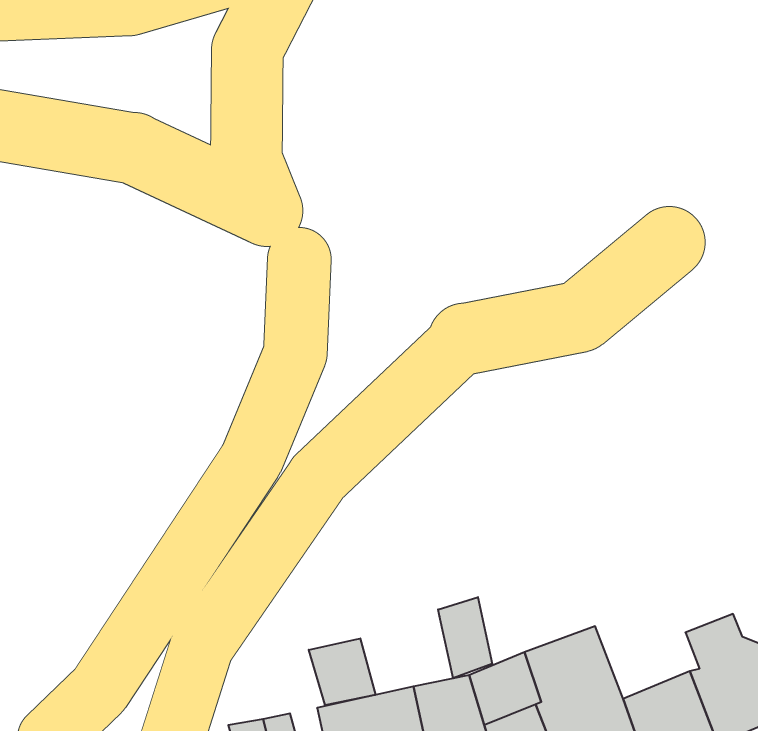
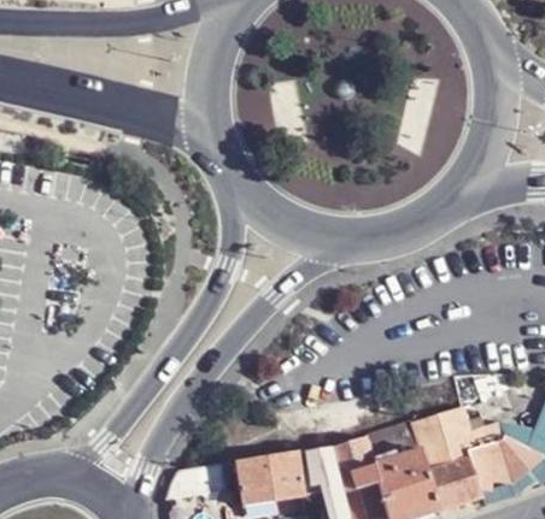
building: none -> [411,406,474,467]
building: [438,597,492,678] -> none
building: [309,638,375,705] -> none

